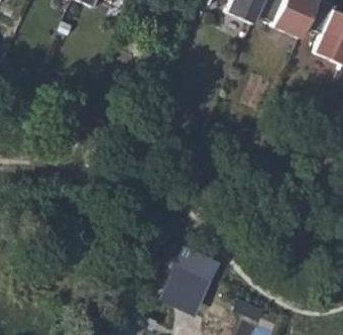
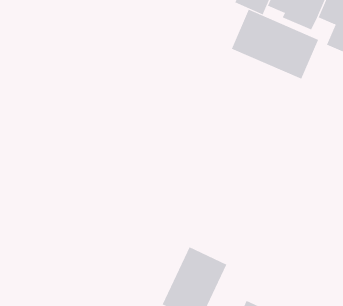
building: none -> [231,9,319,80]

